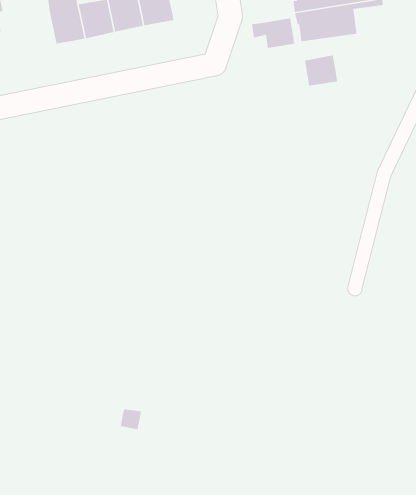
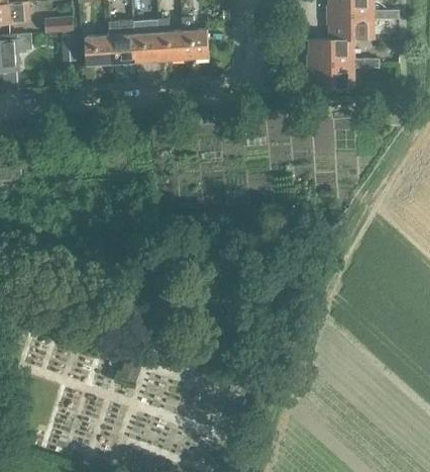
building: none -> [85,33,111,64]
building: [251,17,295,49] -> none
building: [304,55,338,86] -> none

